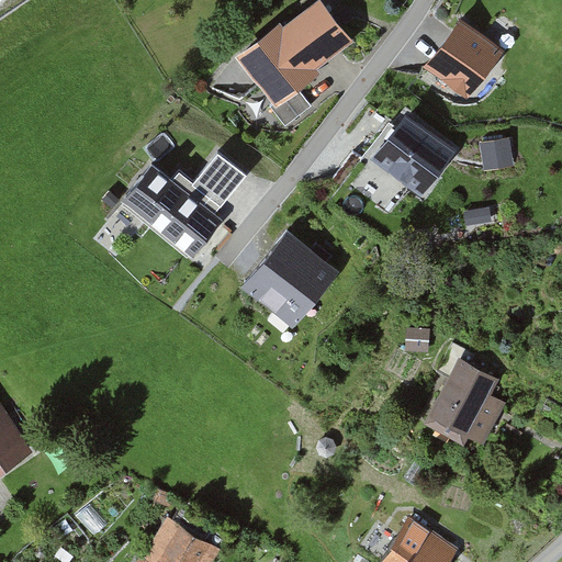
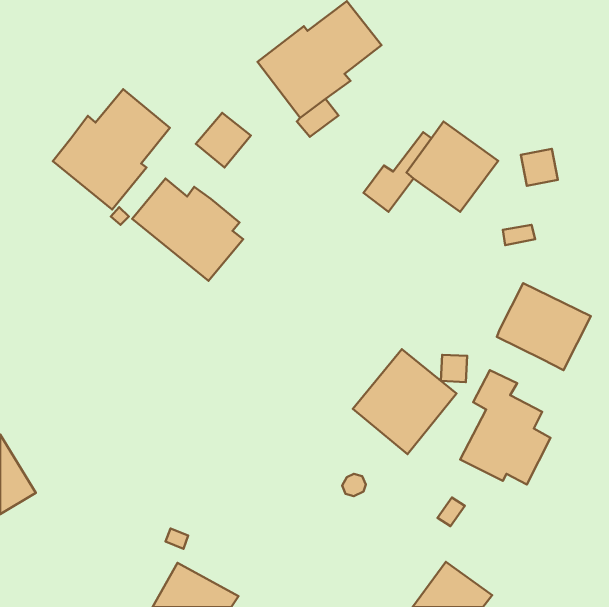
building: [425,20,504,99] -> none
building: none -> [53,89,170,209]
building: [194,155,245,205] -> [196,113,251,168]
building: [243,233,338,329] -> [353,349,456,454]
building: none -> [497,283,591,370]

